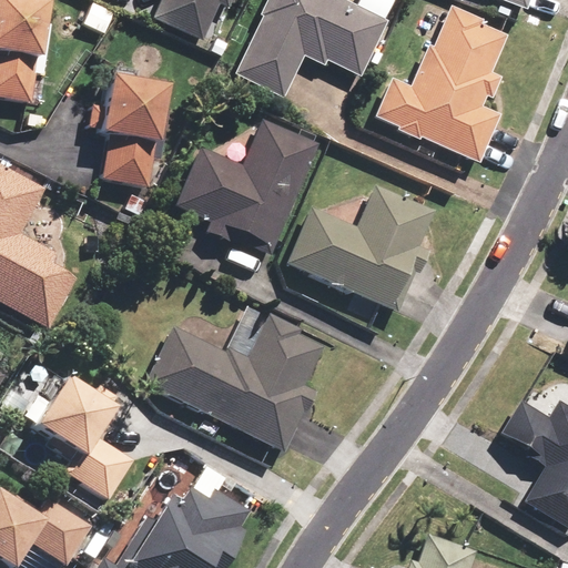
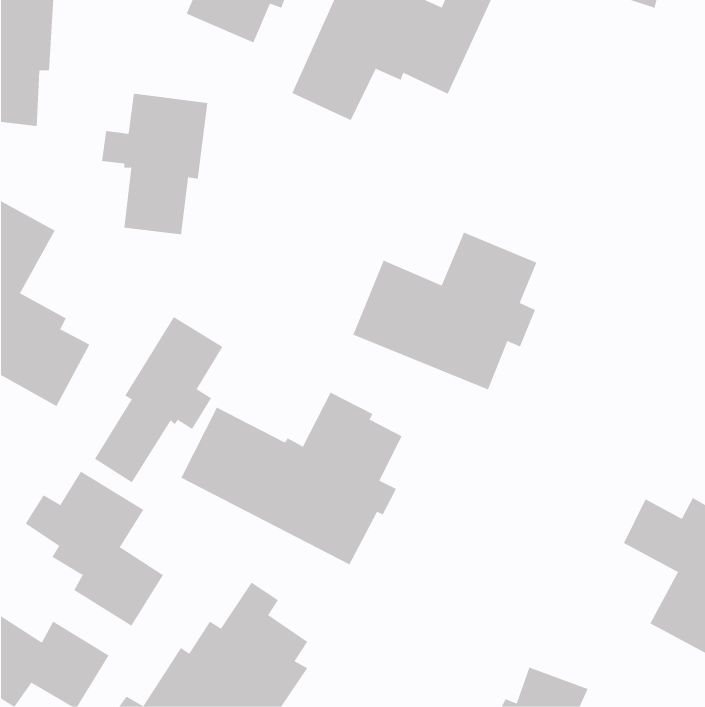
building: [376,6,507,160] -> none
building: [173,115,318,254] -> none
building: none -> [94,316,223,483]

